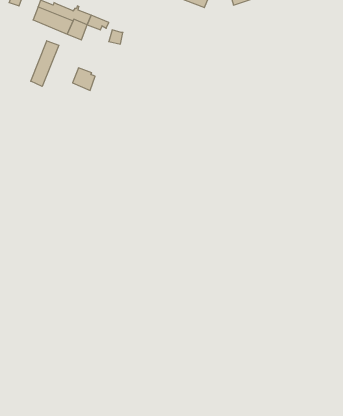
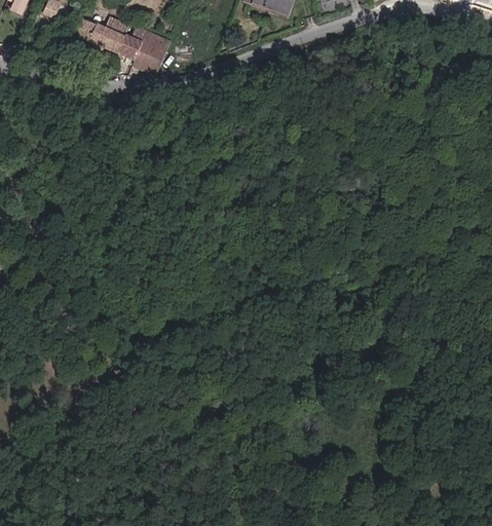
building: [31,41,59,86] -> none
building: [73,68,95,90] -> [135,41,162,69]

